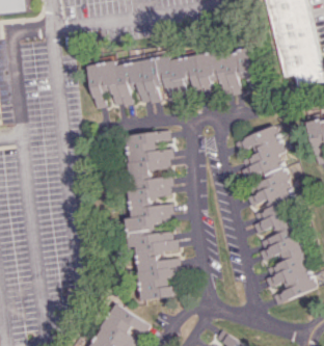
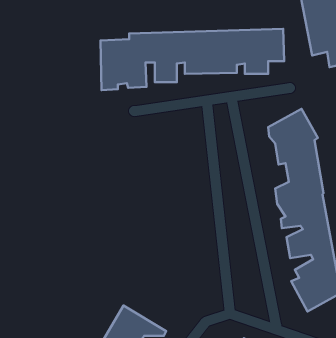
building: [126,131,179,300] -> none

